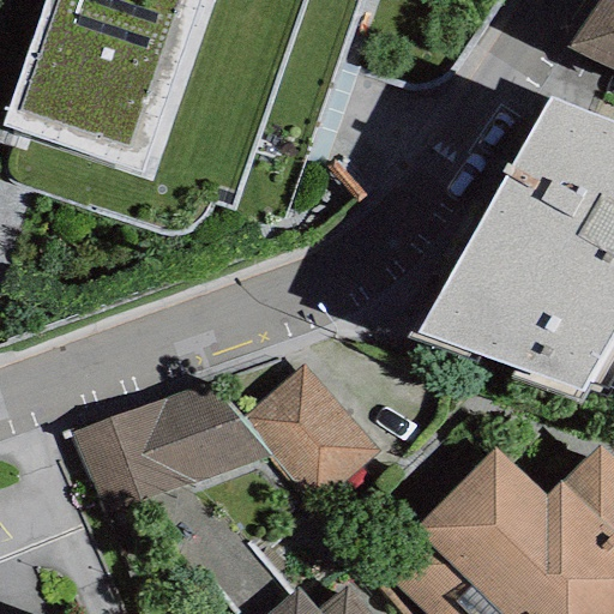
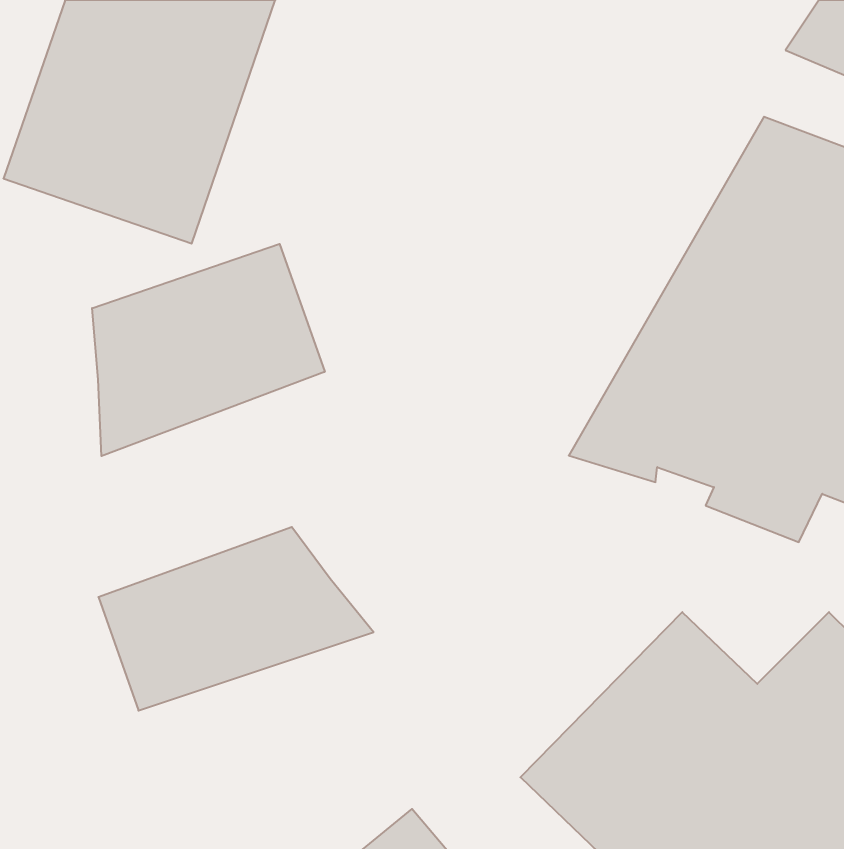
building: none -> [92,244,325,456]
building: [243,366,383,510] -> none

